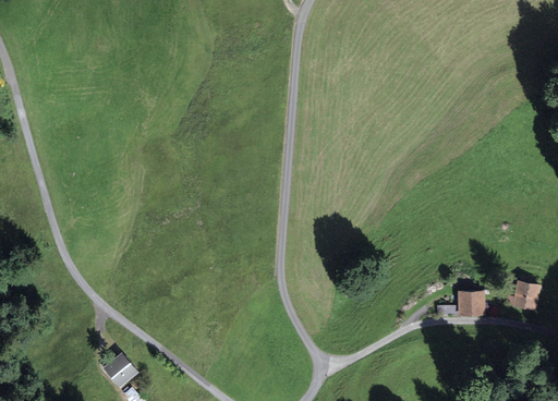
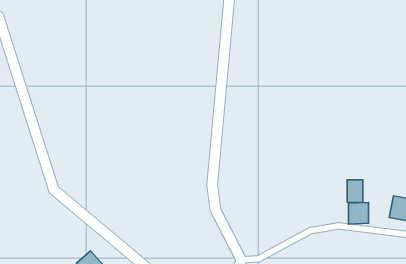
building: none -> [347,180,363,202]

